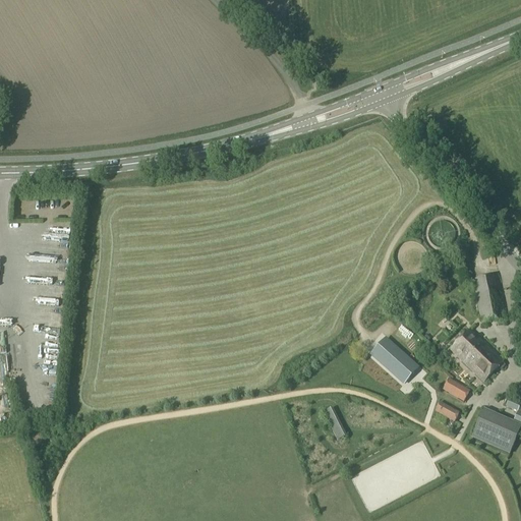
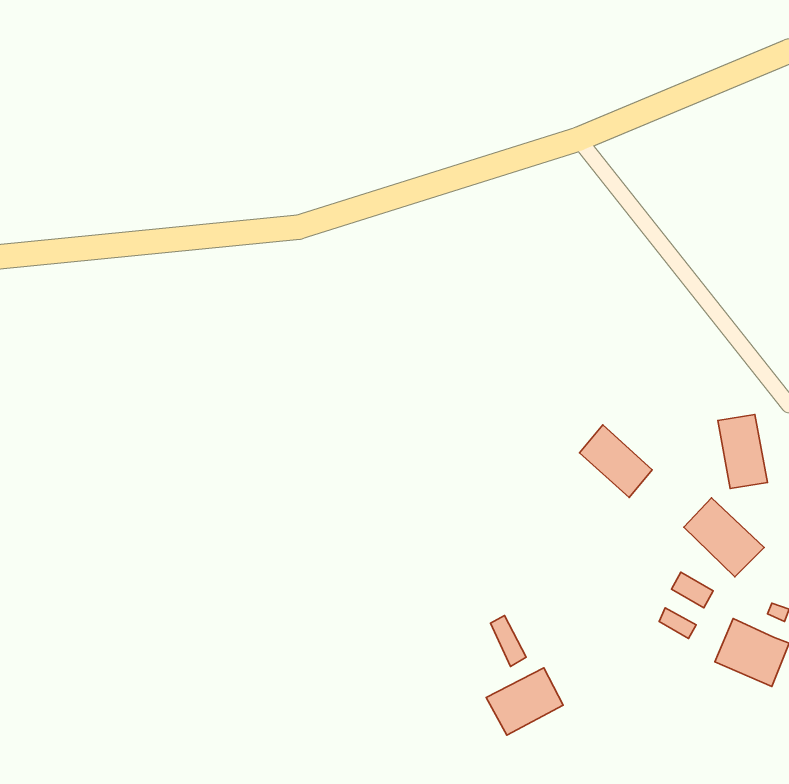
building: [369,336,417,384] -> [580,425,652,498]
building: none -> [486,668,563,735]

